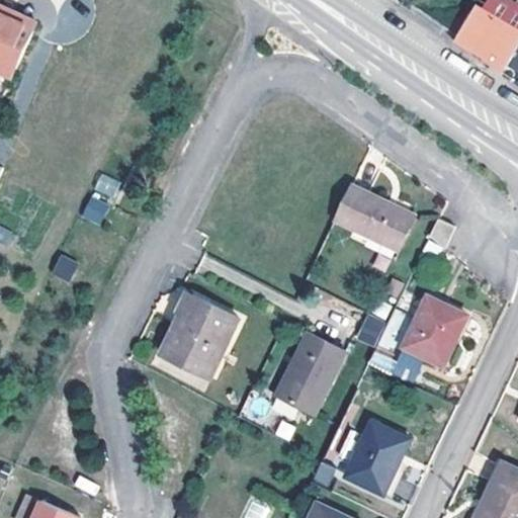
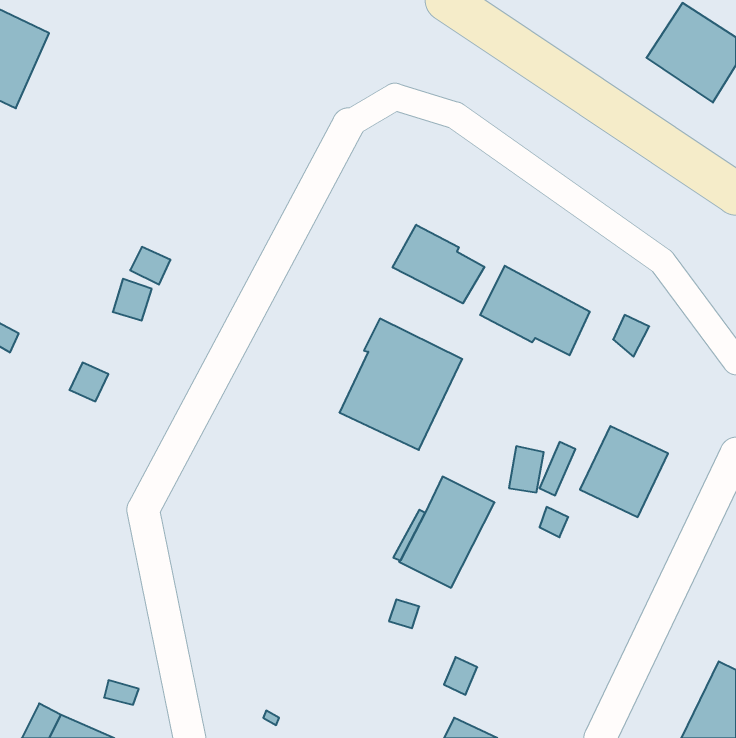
building: none -> [393,225,484,303]
building: [157,287,243,379] -> [339,319,462,450]
building: [346,423,409,496] -> none

